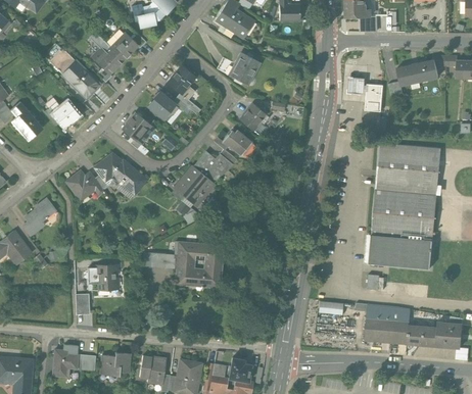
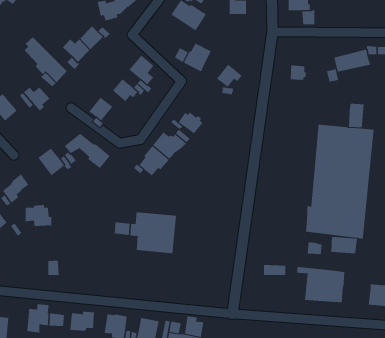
building: [365,84,383,111] -> [348,103,364,128]
building: [239,103,269,130] -> [216,64,243,88]
building: [88,264,119,289] -> [25,204,52,226]
building: [407,326,437,345] -> [330,237,358,254]

